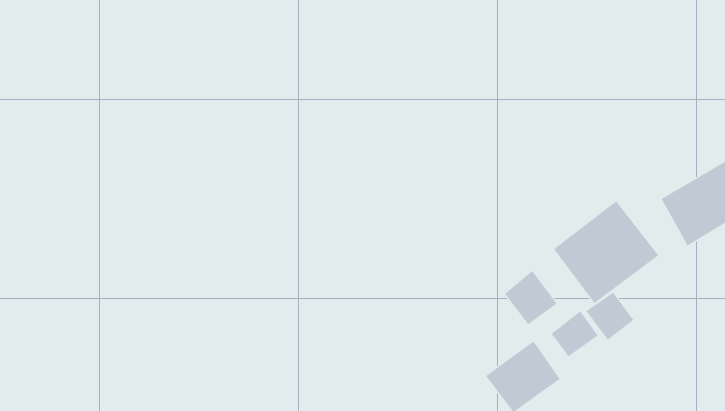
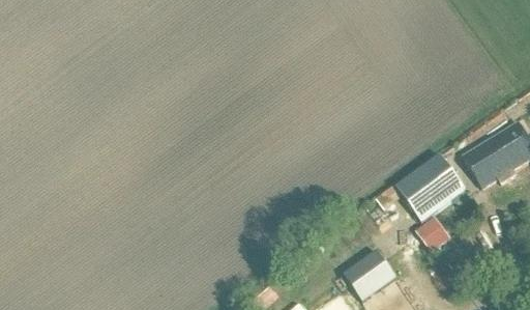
building: [504,270,557,325] -> none
building: [551,311,599,357] -> none

